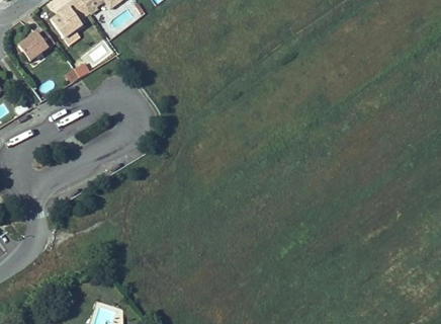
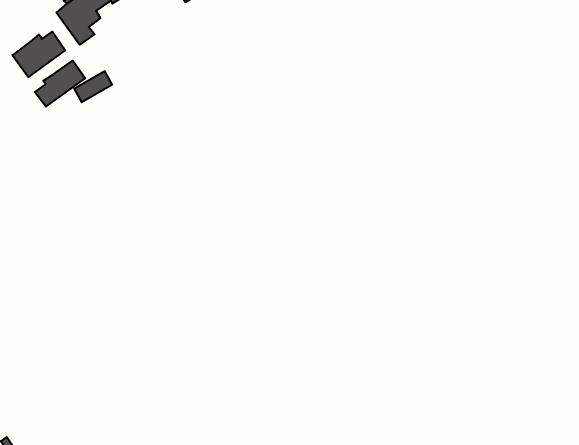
building: none -> [35,61,85,107]

